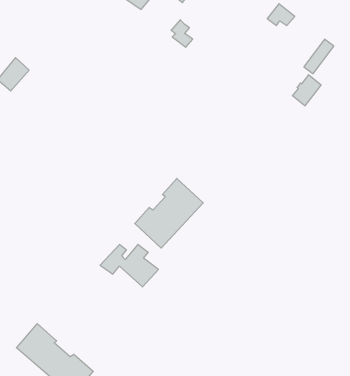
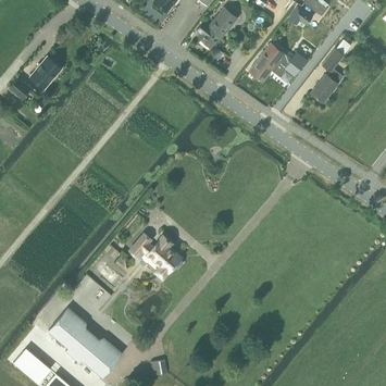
building: none -> [209,7,237,39]
building: none -> [249,43,307,83]
building: [135,178,203,248] -> none

